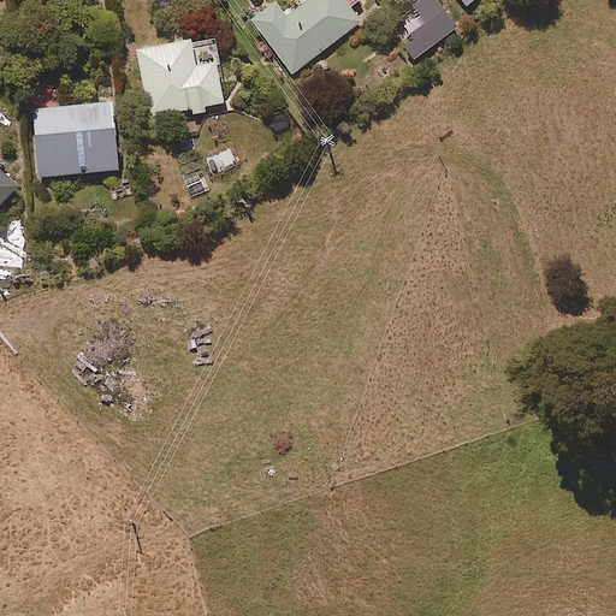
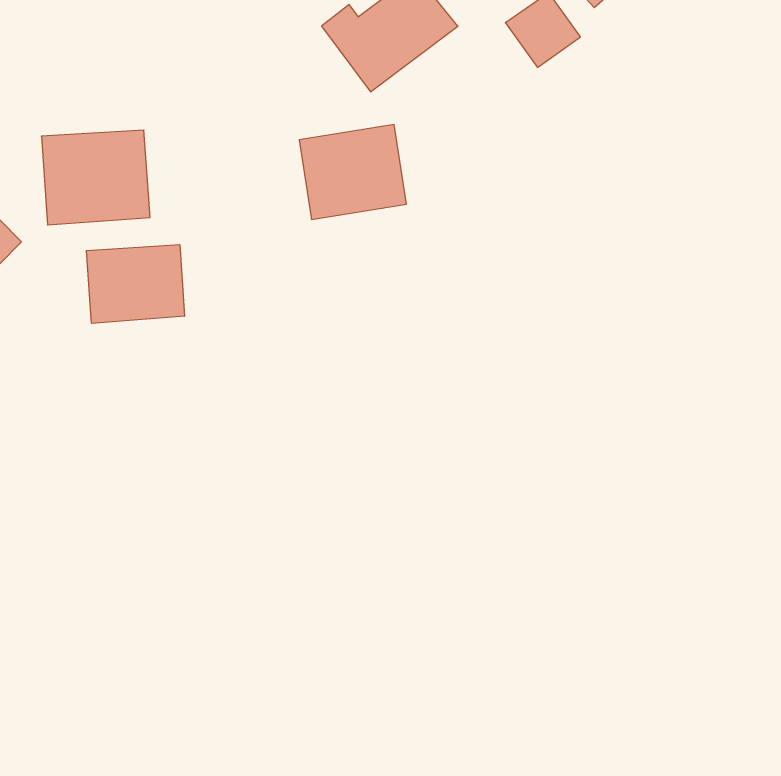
building: [138,40,223,114] -> [299,125,406,219]
building: none -> [86,245,185,323]

